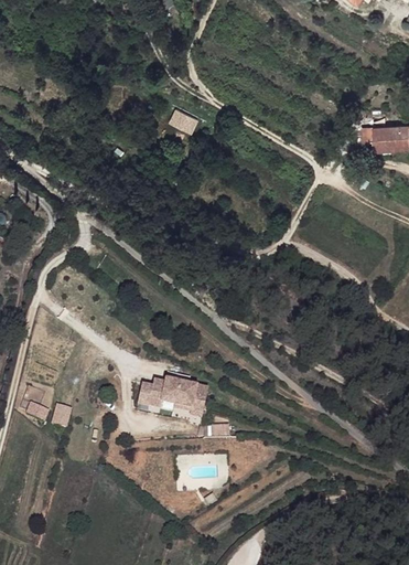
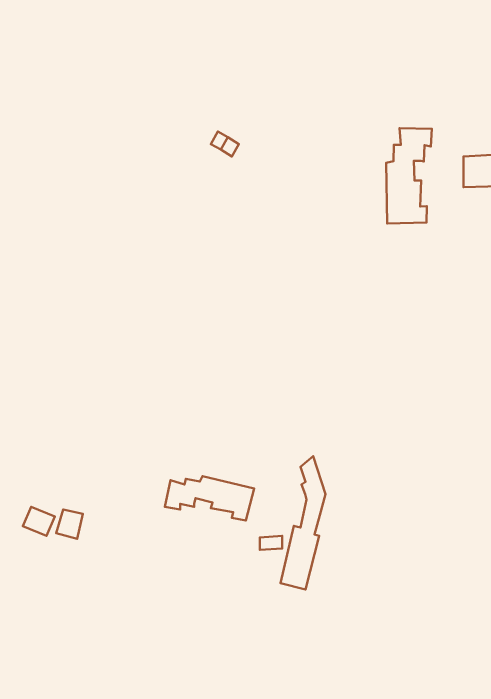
building: none -> [386,128,432,224]
building: none -> [281,456,326,590]

